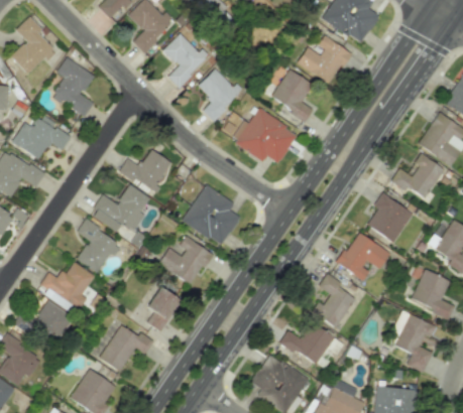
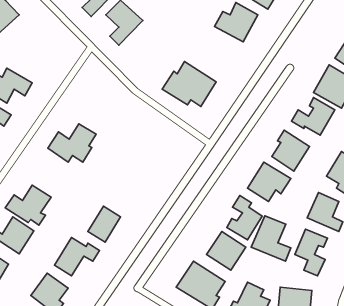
building: [53,56,95,117] -> none
building: [198,66,241,121] -> none
building: [271,70,314,119] -> none
building: [119,149,172,191] -> none
building: [182,183,241,246] -> none
building: [77,220,122,272] -> none
building: [159,236,212,285] -> none
building: none -> [251,216,291,261]

